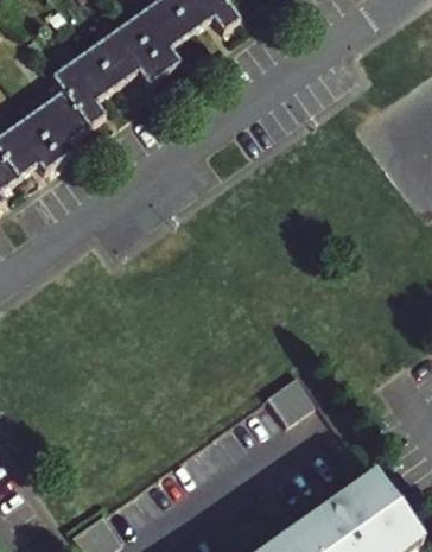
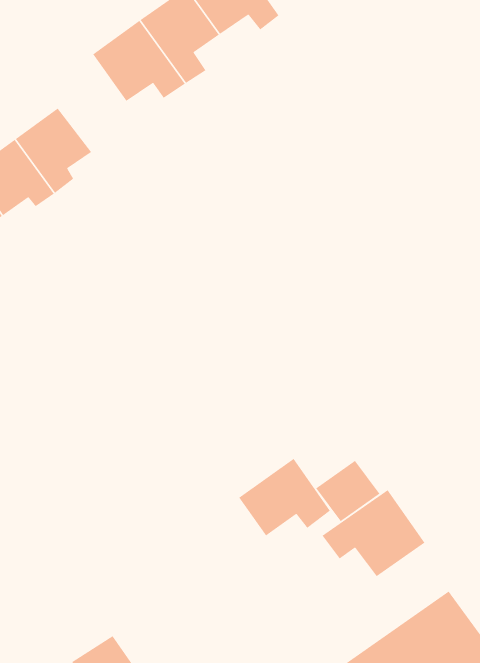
building: [51,46,116,125] -> none
building: none -> [238,458,331,537]
building: none -> [322,489,426,577]

